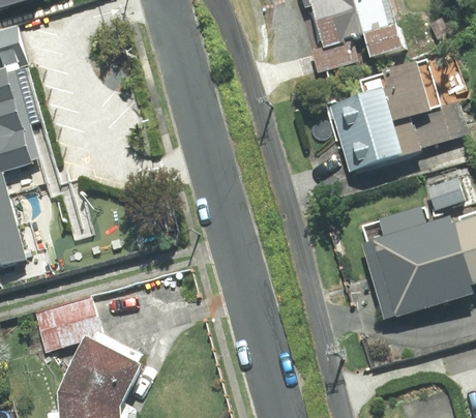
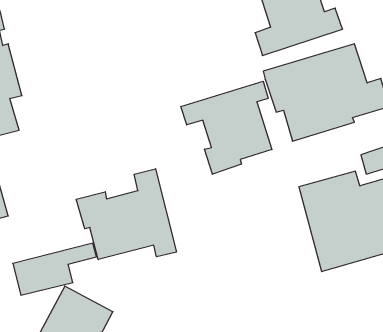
building: none -> [181,81,272,174]
building: none -> [76,169,176,260]

